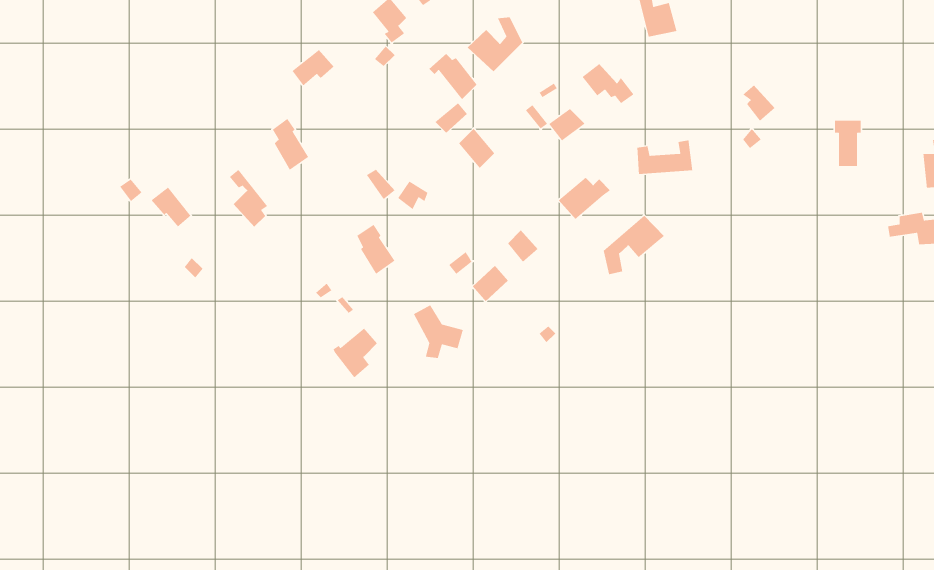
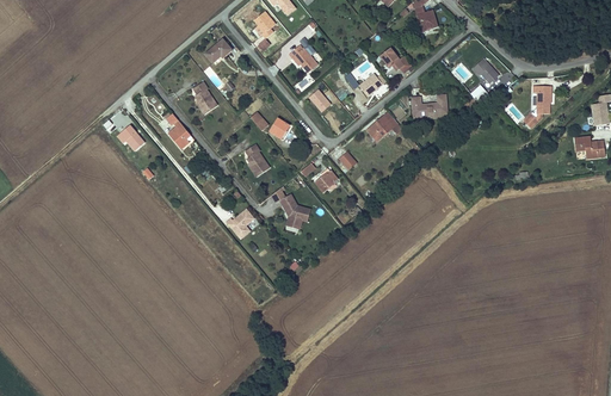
building: [467,16,523,72] -> none
building: [603,215,665,275] -> none

